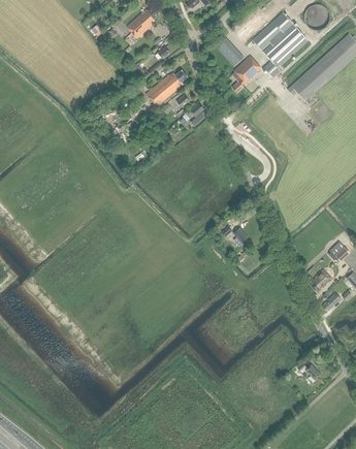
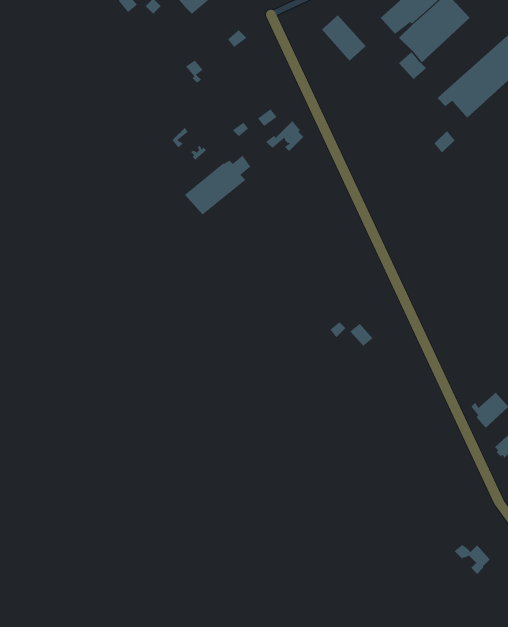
building: [231,56,261,92] -> none
building: [145,69,187,106] -> [184,155,251,215]

